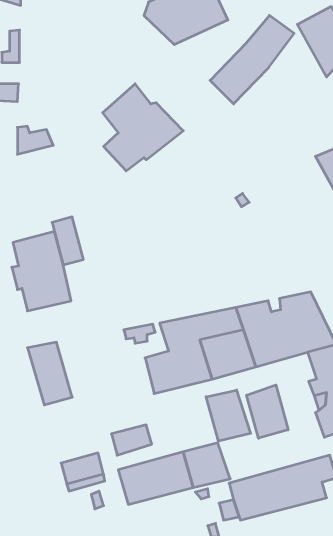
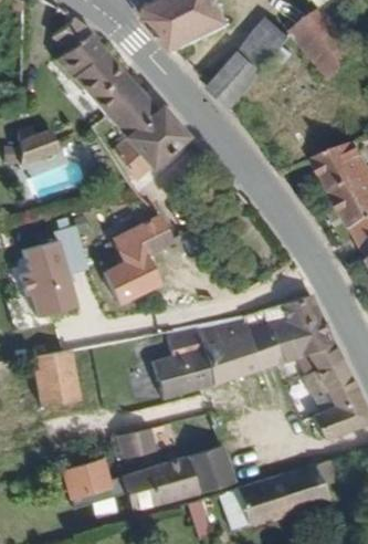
building: none -> [55,17,138,121]
building: none -> [101,215,171,304]
building: [247,385,288,438] -> none
building: [206,390,251,441] -> none

